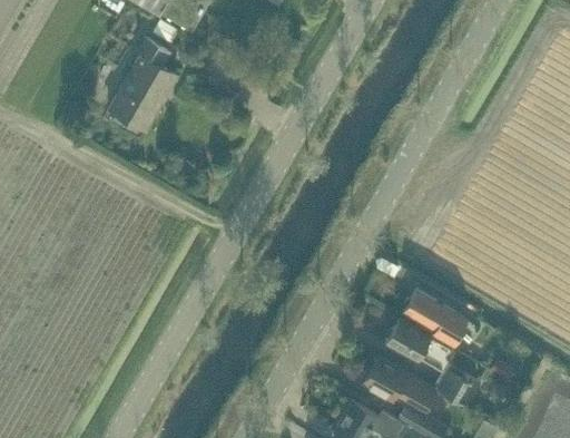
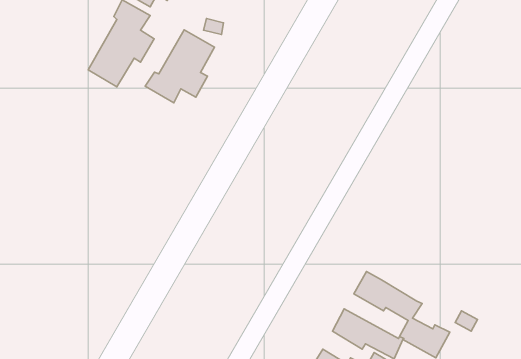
building: none -> [145,30,215,103]
building: [401,290,466,352] -> none

